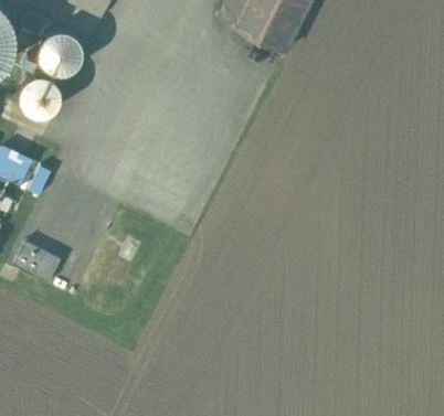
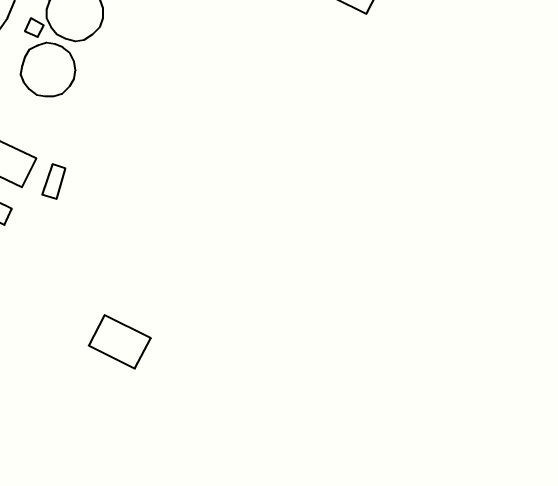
building: [13,239,61,280] -> [89,315,151,369]

